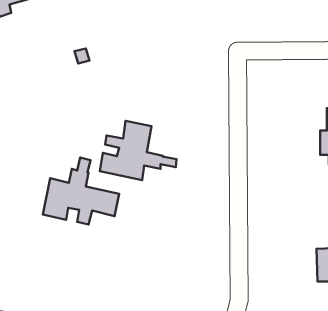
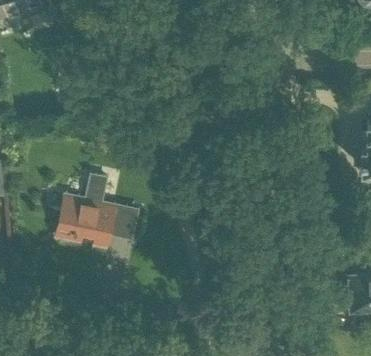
building: [100,121,177,180] -> none

